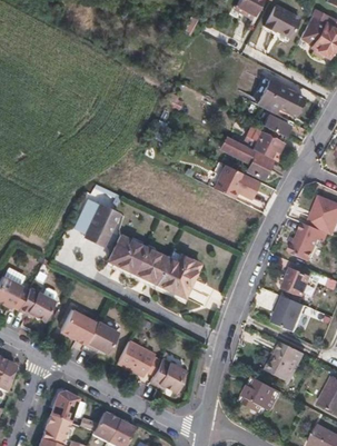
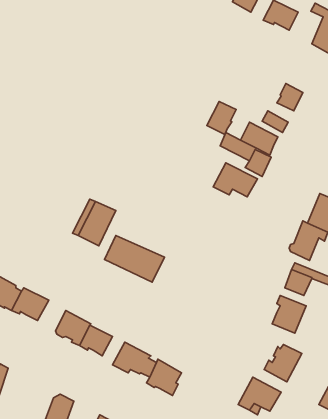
building: [258,79,287,111] -> [207,102,236,134]
building: [156,254,199,295] -> none

